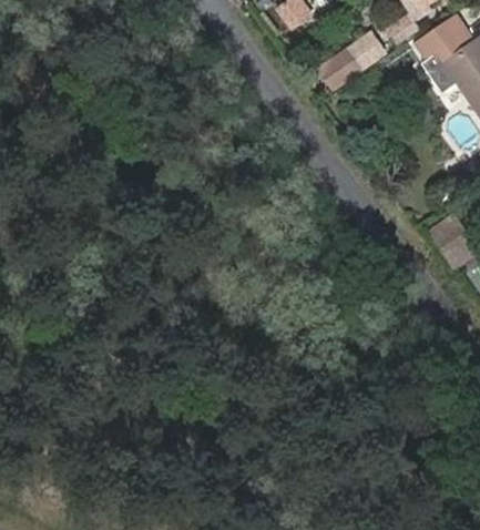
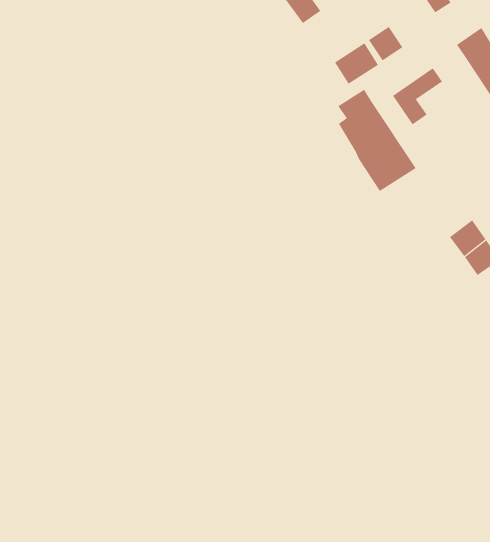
building: [415,18,462,72] -> [392,68,443,125]
building: none -> [337,89,417,192]

